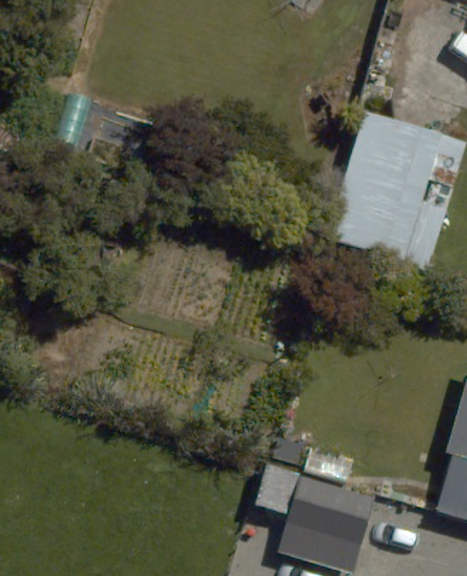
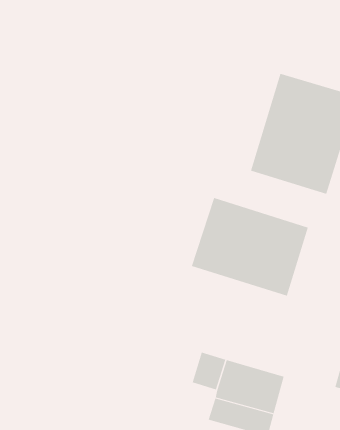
building: none -> [191,197,308,296]

